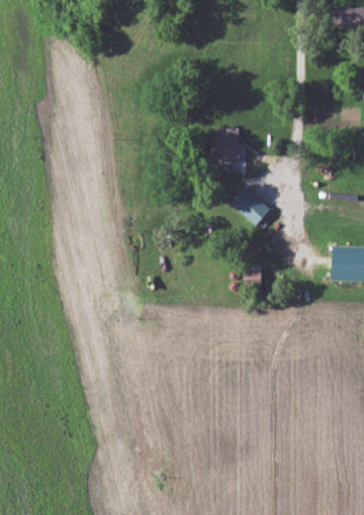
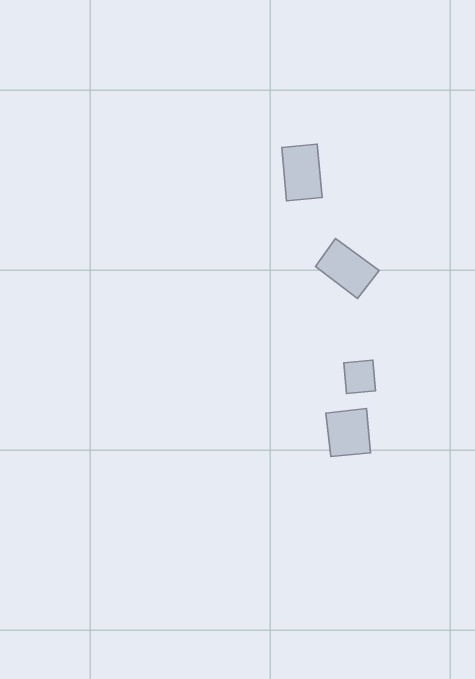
building: none -> [326,408,370,456]

